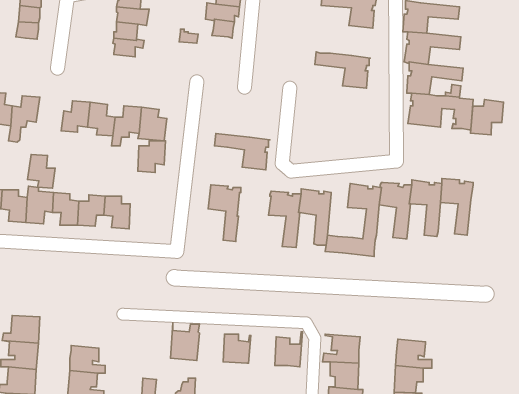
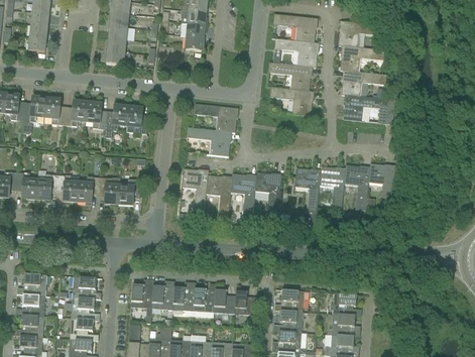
building: none -> [274,38,318,68]
building: none -> [269,87,313,116]
building: [470,100,503,135] -> none
building: none -> [193,103,237,132]
building: [138,141,165,172] -> [118,180,140,205]
building: [28,154,55,188] -> [43,98,66,125]
building: none -> [205,174,232,220]
building: none -> [72,276,101,300]
building: none -> [130,278,153,308]
building: none -> [172,287,195,311]
building: none -> [214,289,236,314]

